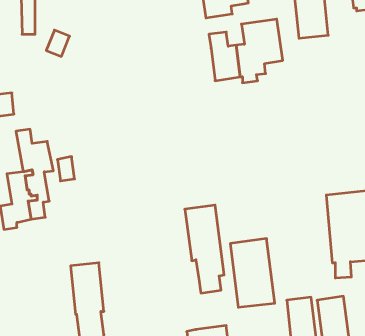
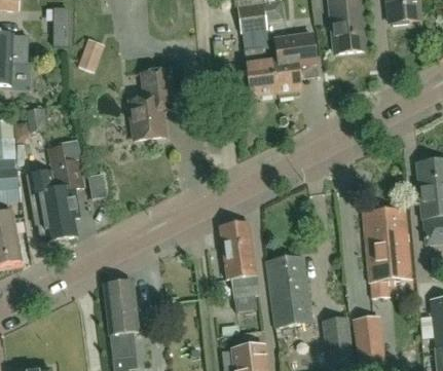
building: none -> [130,68,173,138]

